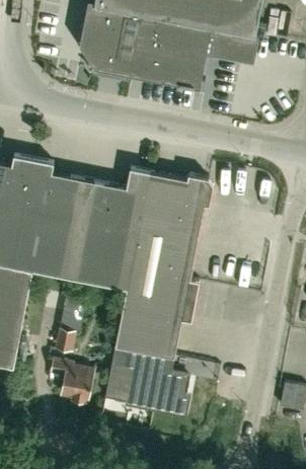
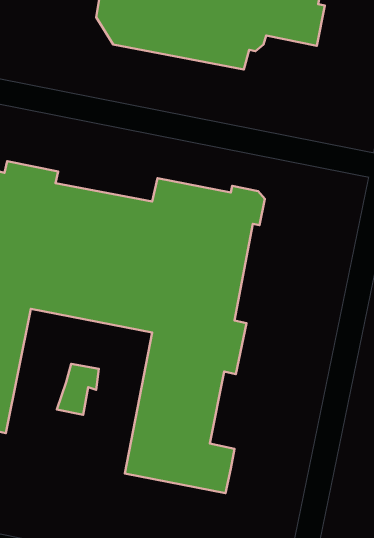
building: [51,359,93,401] -> none

